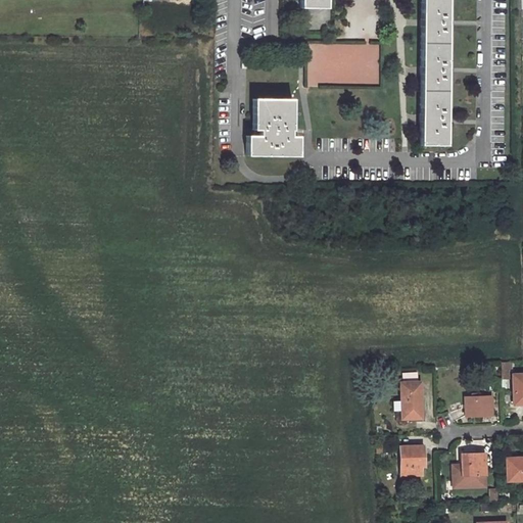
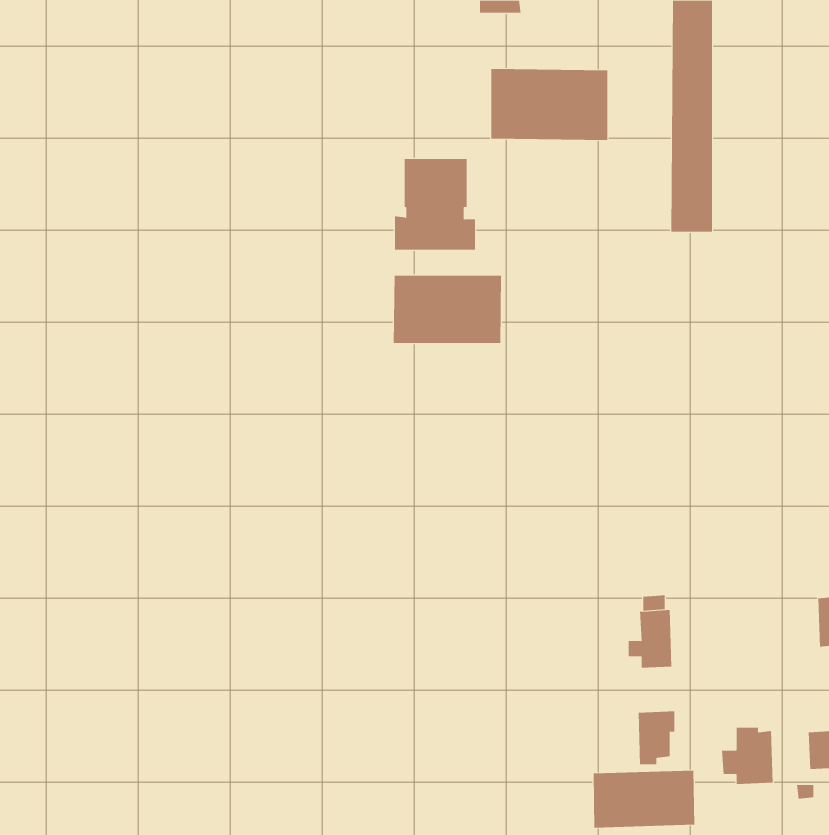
building: none -> [393,275,502,344]
building: [468,396,494,416] -> none
building: none -> [593,770,695,828]

